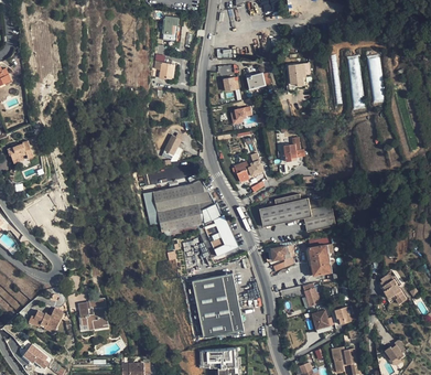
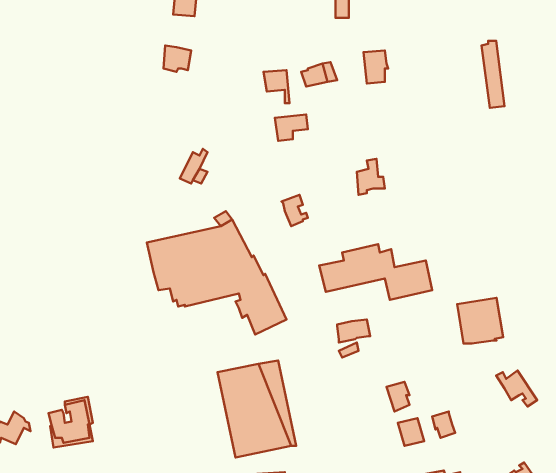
building: [304,244,335,275] -> [457,298,503,344]

